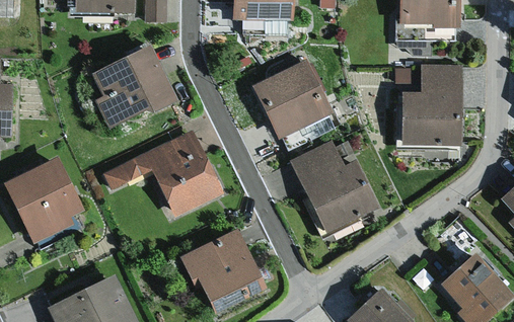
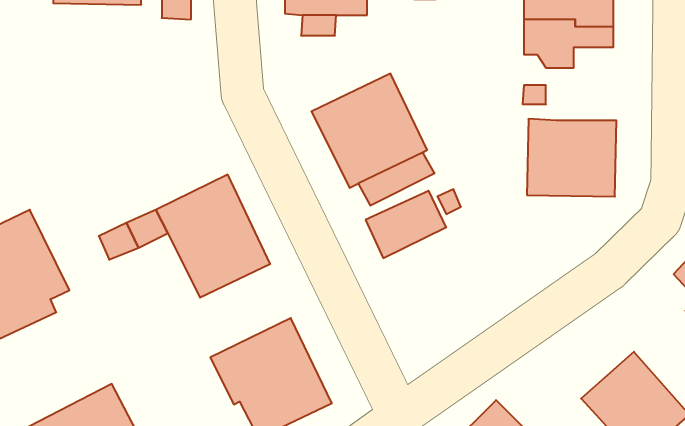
building: [93,47,173,129] -> none
building: [421,64,463,92] -> none
building: [301,160,379,232] -> none

